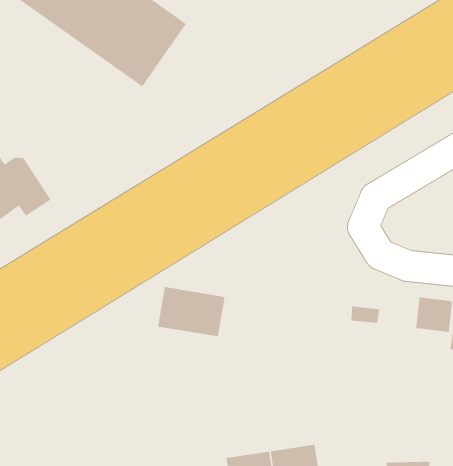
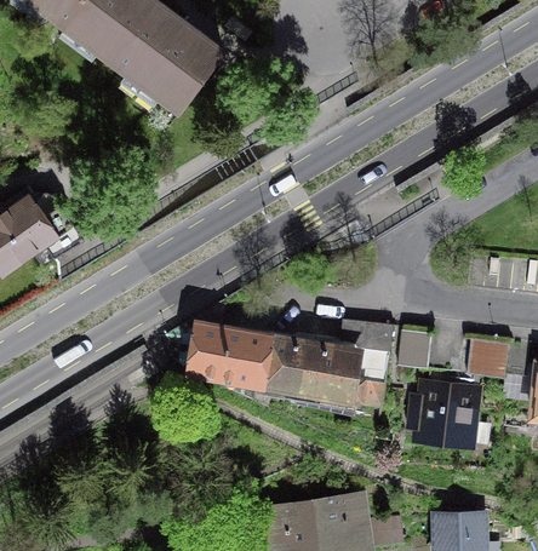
building: none -> [259,320,396,415]
building: none -> [410,369,475,436]

